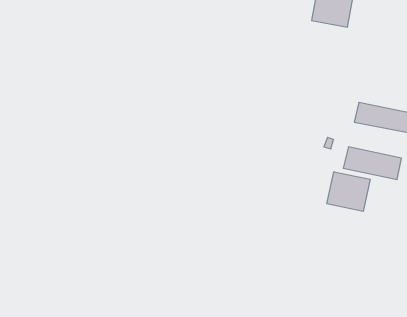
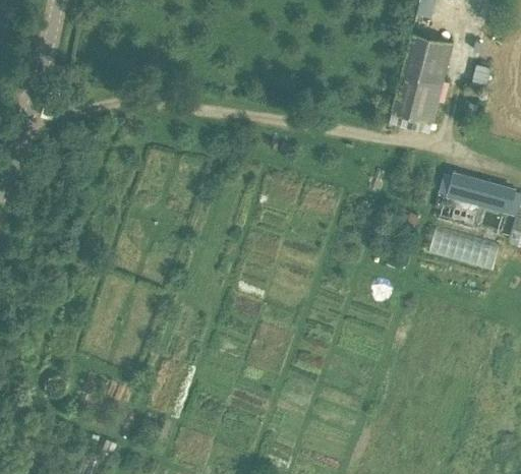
building: none -> [393,71,446,122]
building: [327,172,370,211] -> none

